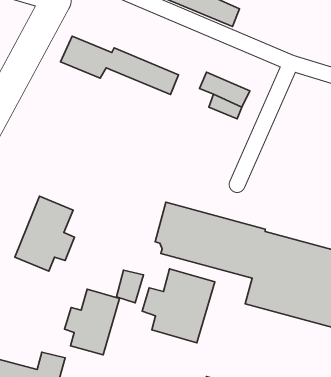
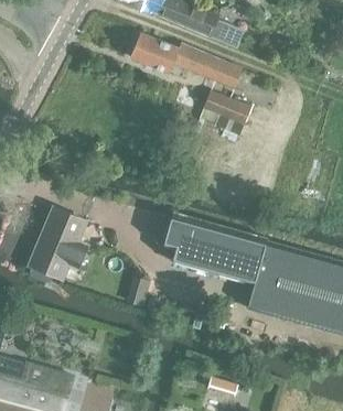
building: [60,36,179,95] -> [129,33,240,88]
building: [142,269,215,343] -> none
building: [65,289,120,355] -> none

